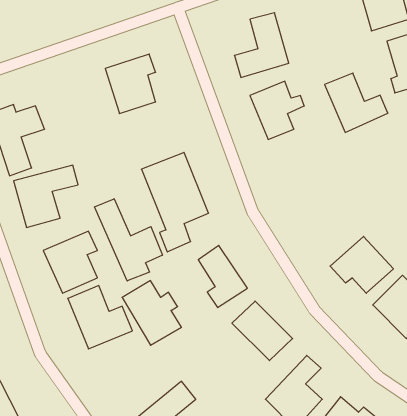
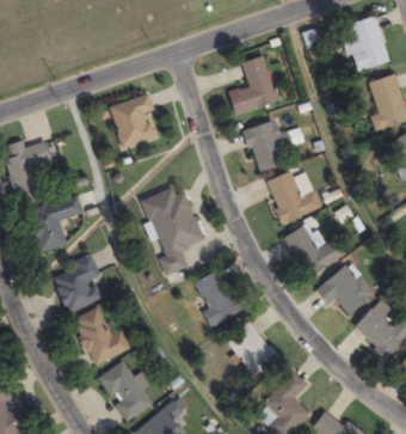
building: [325,73,388,132] -> [265,170,324,225]
building: none -> [283,225,339,277]
building: [94,199,162,281] -> none
building: [122,281,181,345] -> [99,361,154,421]

